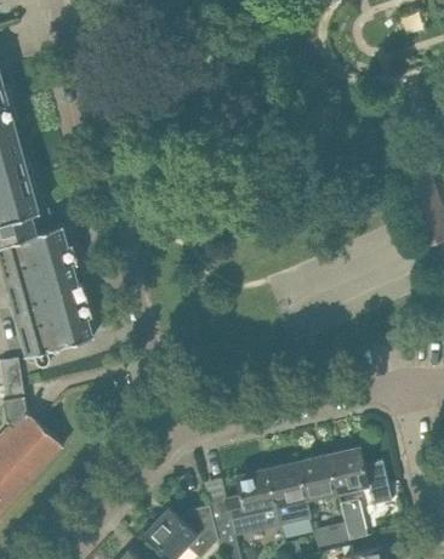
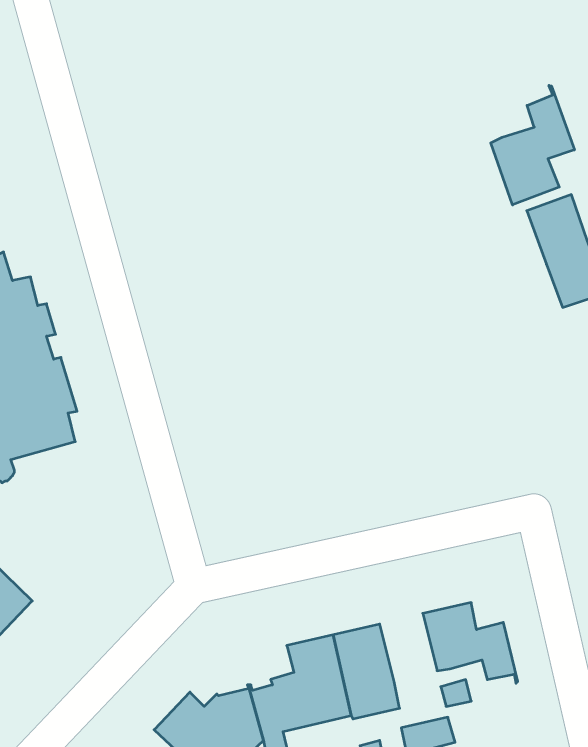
building: none -> [491,85,574,205]
building: [298,456,337,502] -> none

